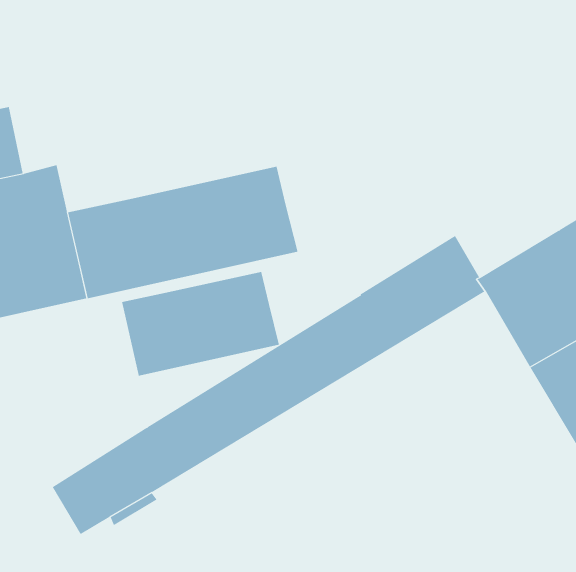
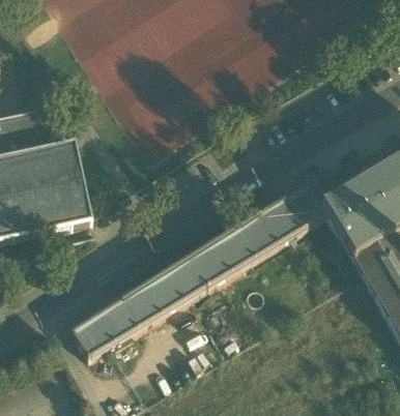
building: [68,166,298,299] -> none
building: [122,271,280,377] -> none

